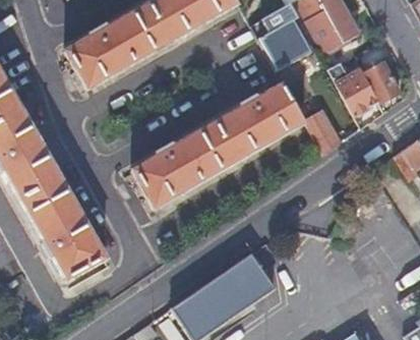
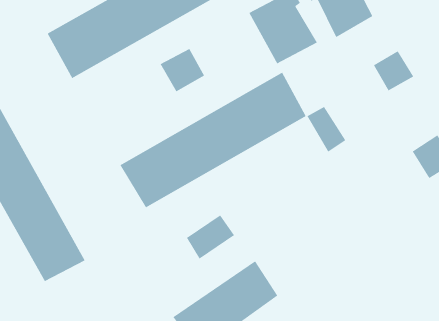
building: none -> [160,48,205,92]
building: [325,66,376,121] -> none
building: none -> [186,214,235,260]

